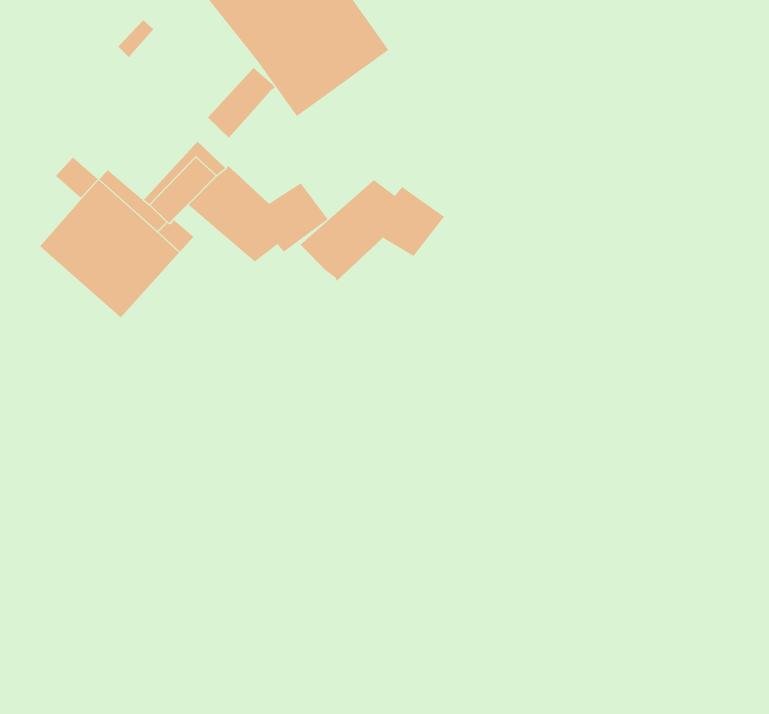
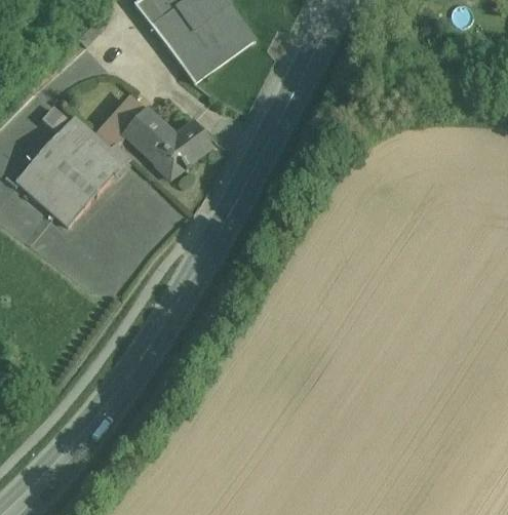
building: [207,67,275,139] -> none
building: [299,179,445,282] -> none
building: none -> [15,164,82,227]

